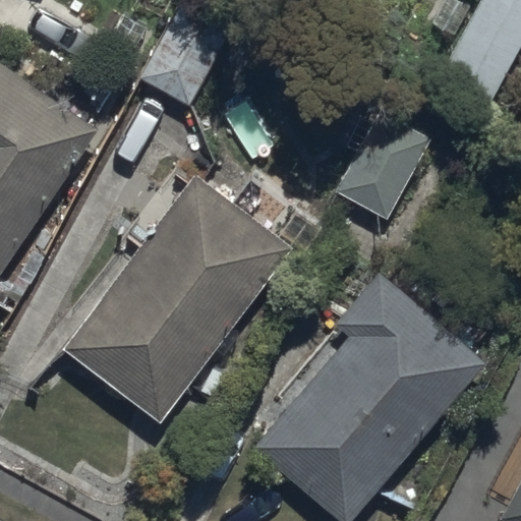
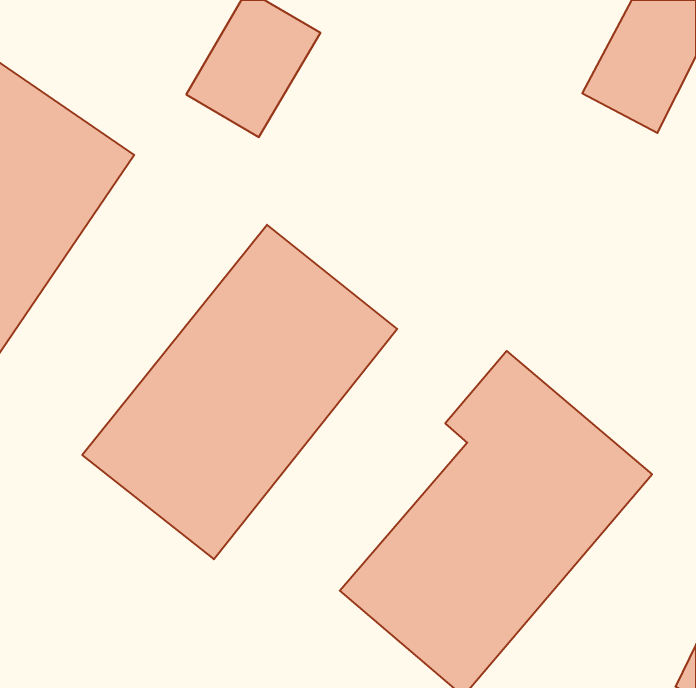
building: [332,107,433,224] -> none

